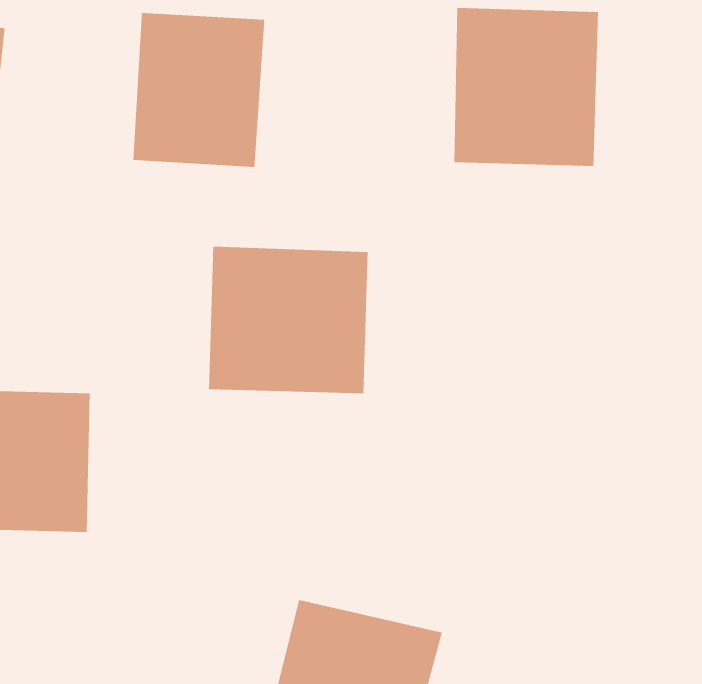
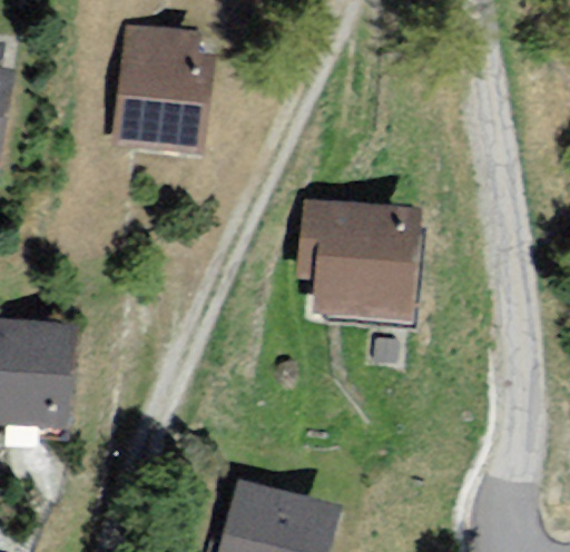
building: [454,7,599,167] -> none
building: [208,246,368,394] -> [296,201,420,316]

